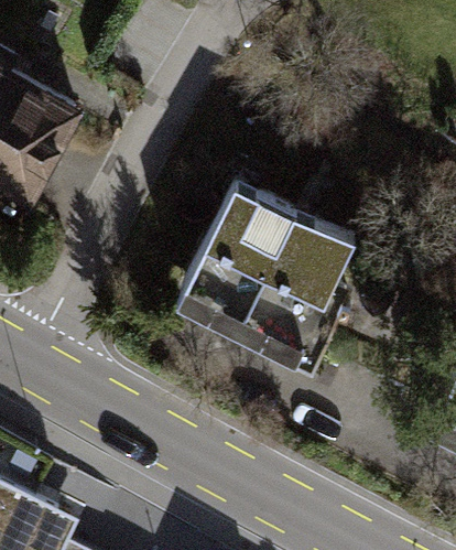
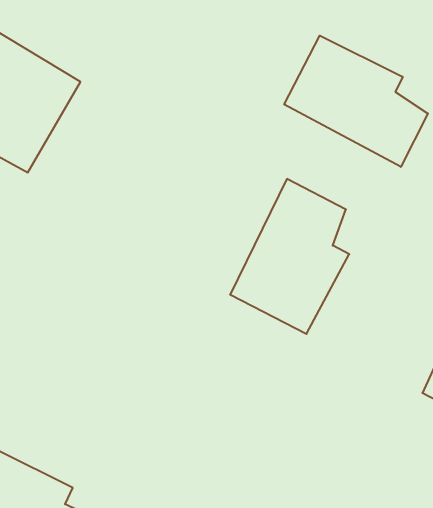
building: none -> [284,36,428,167]
building: [173,183,293,328] -> none

